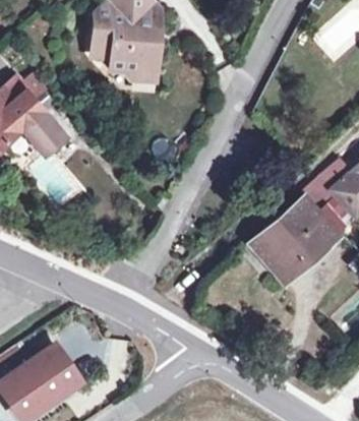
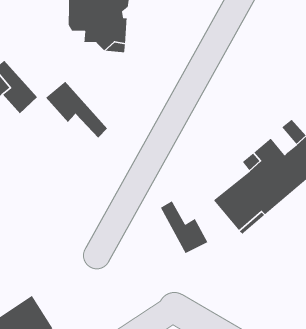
building: none -> [45,81,108,139]
building: none -> [160,200,208,254]

